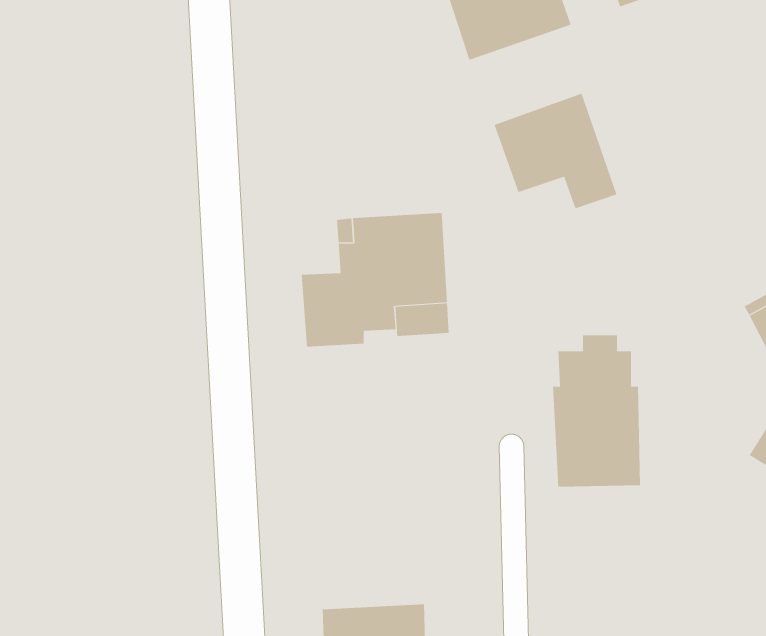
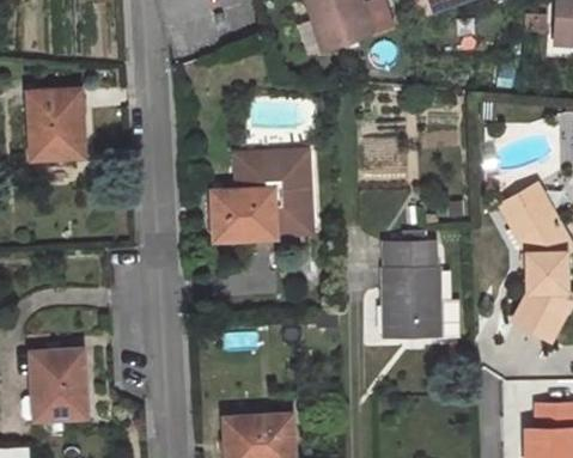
building: [494,93,617,209] -> none
building: none -> [26,88,85,159]
building: none -> [29,349,86,419]

